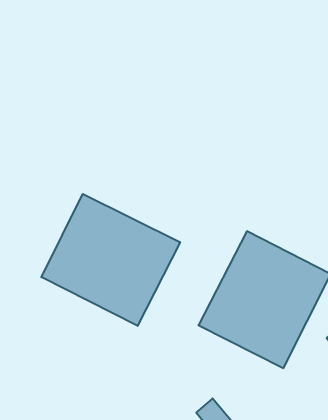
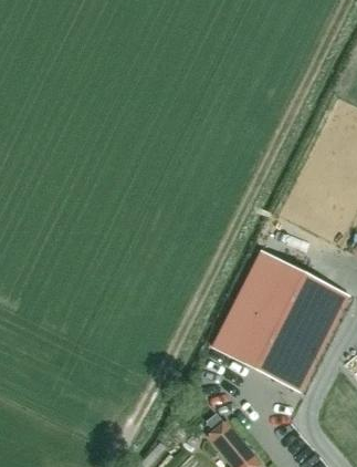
building: [41,194,180,326] -> none

